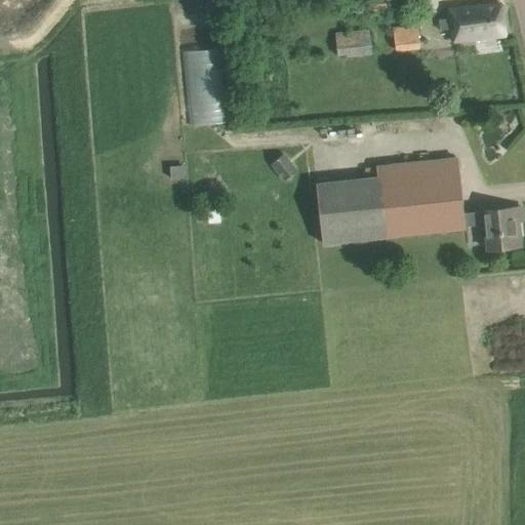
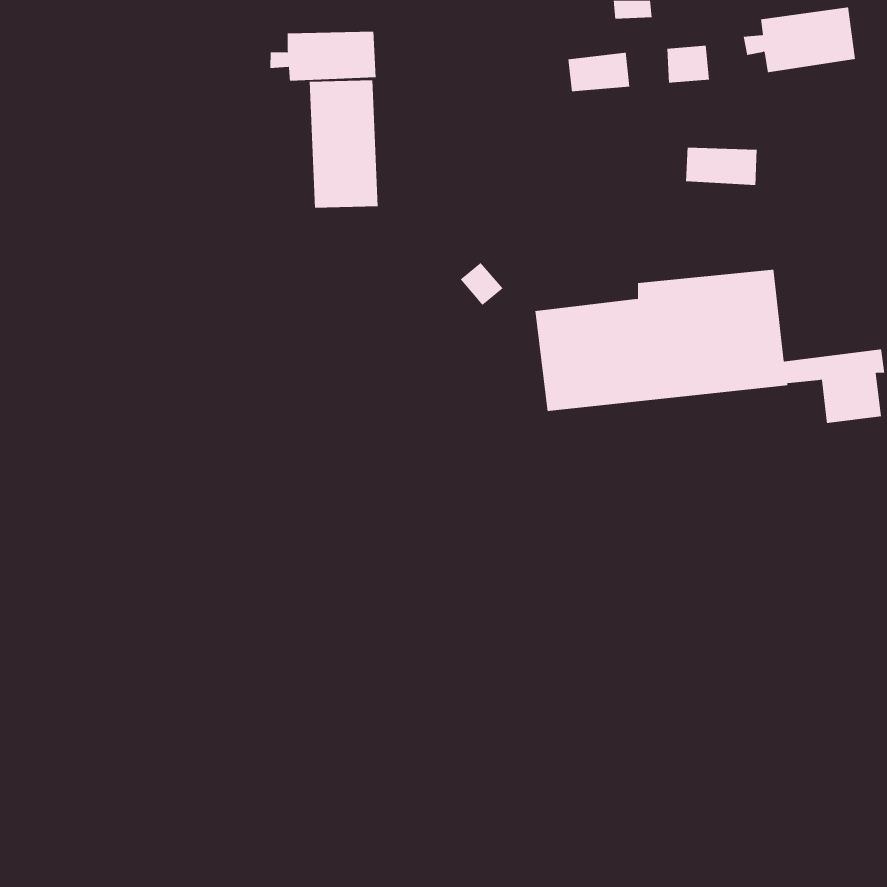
building: none -> [270,31,376,82]
building: none -> [685,147,757,186]

